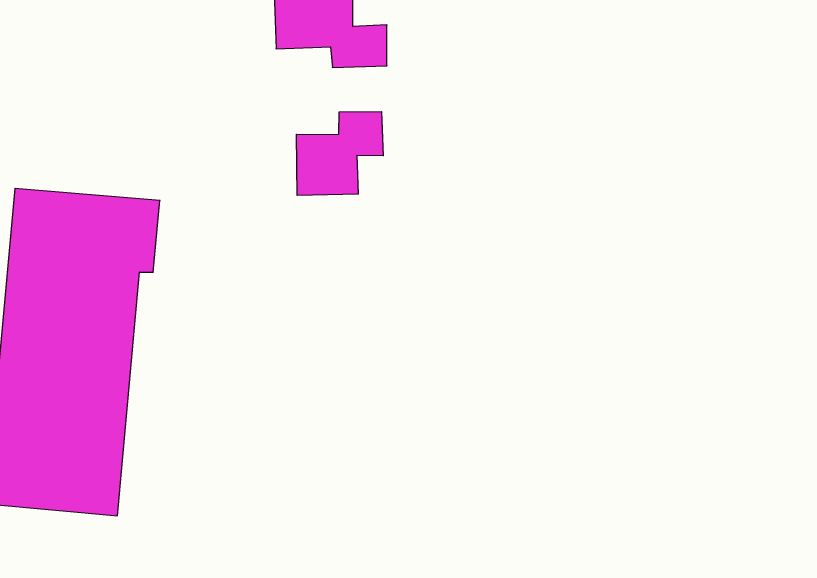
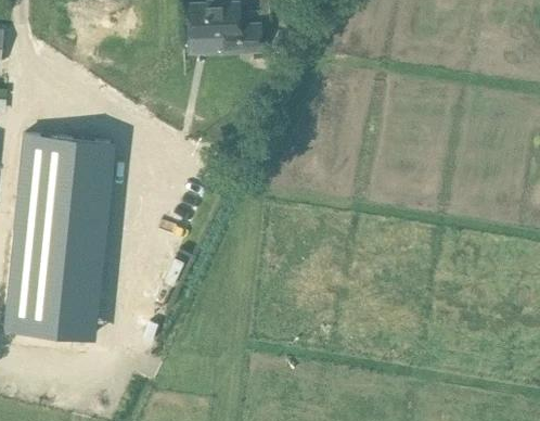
building: [296,112,383,195] -> none

